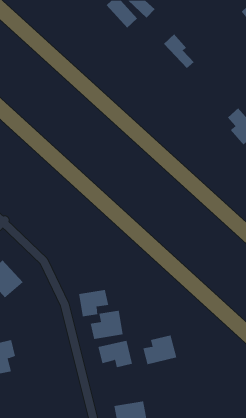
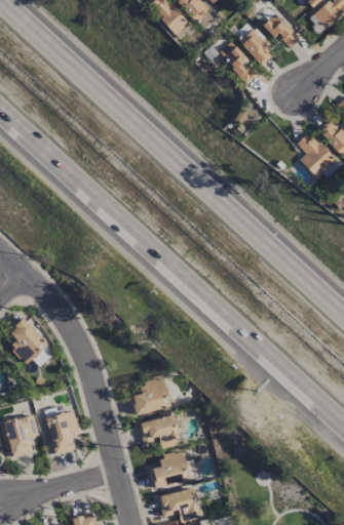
building: none -> [264,13,300,49]
building: none -> [241,29,273,67]
building: [78,289,109,317] -> none
building: [143,335,177,365] -> [149,451,191,488]
building: none -> [45,409,81,454]

